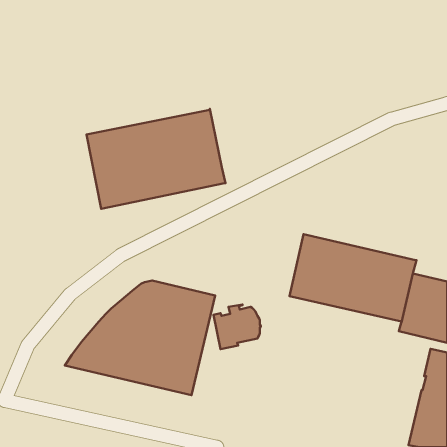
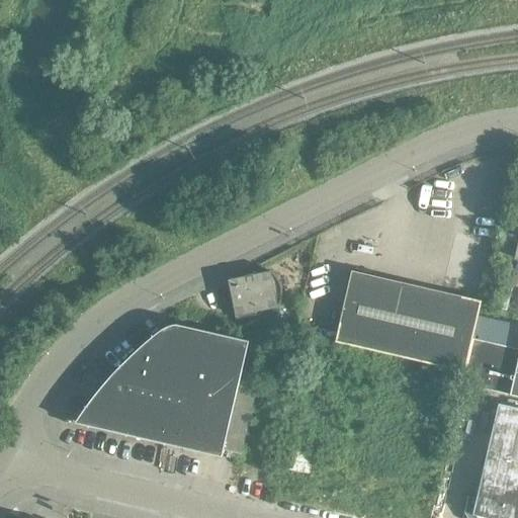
building: [86,109,226,209] -> none
building: [214,304,261,349] -> [228,267,282,319]

